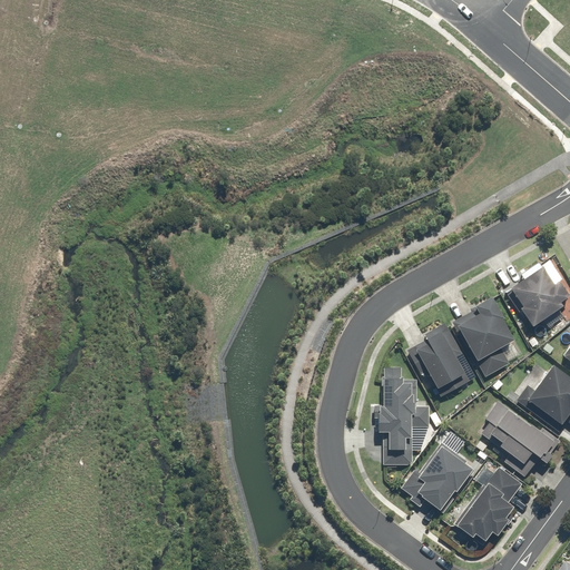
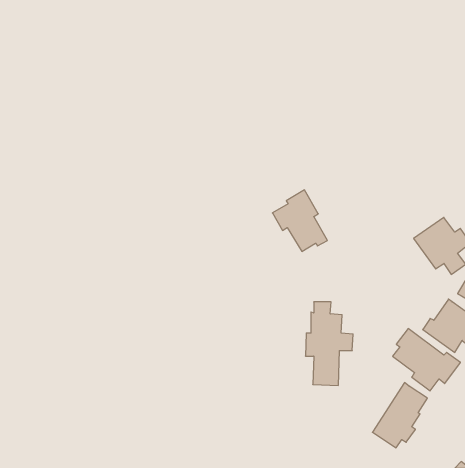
building: [454,296,524,375] -> none
building: [407,323,474,397] -> [272,190,327,251]
building: [402,442,476,517] -> none

